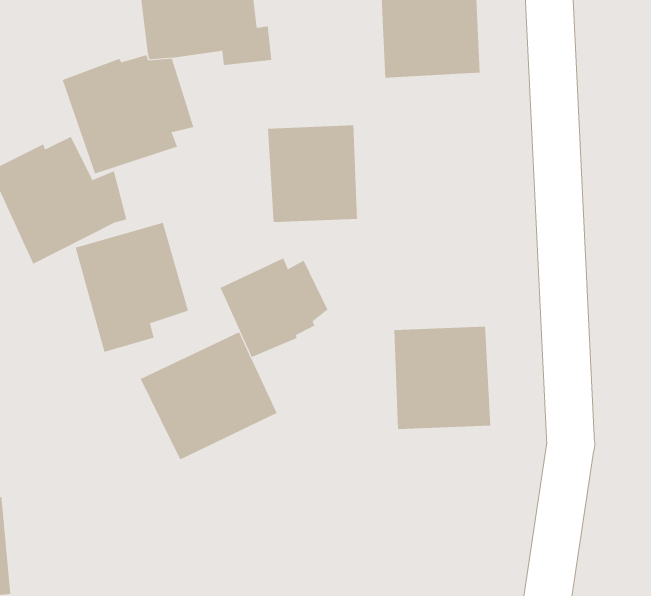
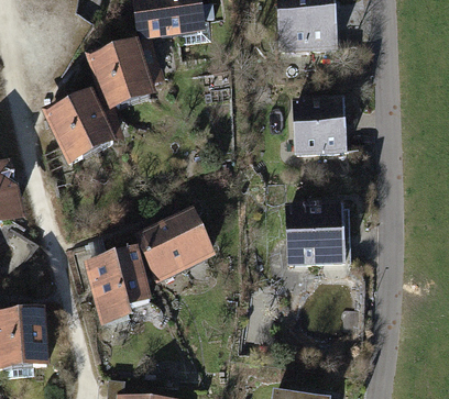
building: [267,125,358,223] -> [291,97,346,156]
building: [75,222,189,352] -> [81,246,151,325]
building: [220,257,328,358] -> none

